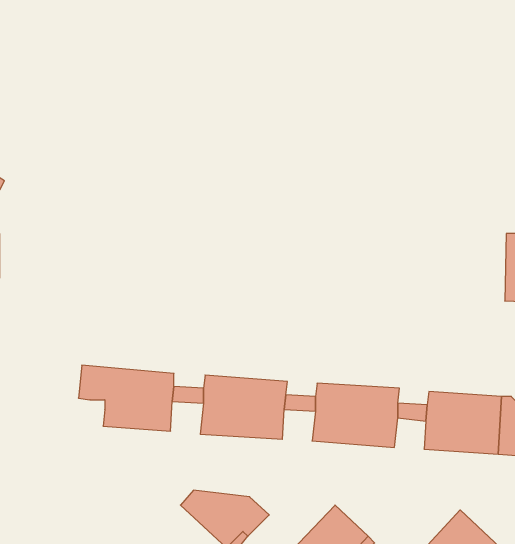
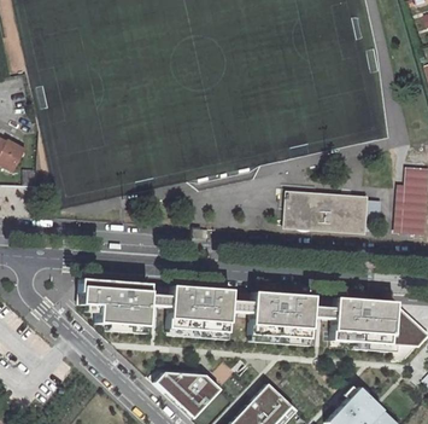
building: none -> [282,192,362,231]

